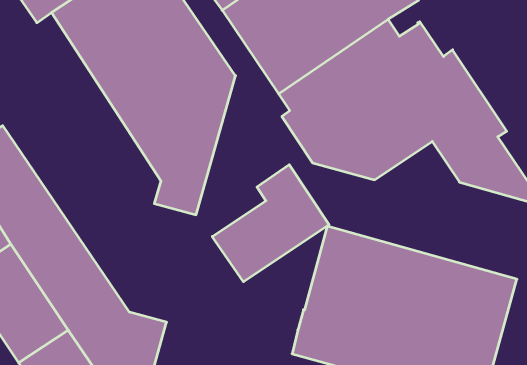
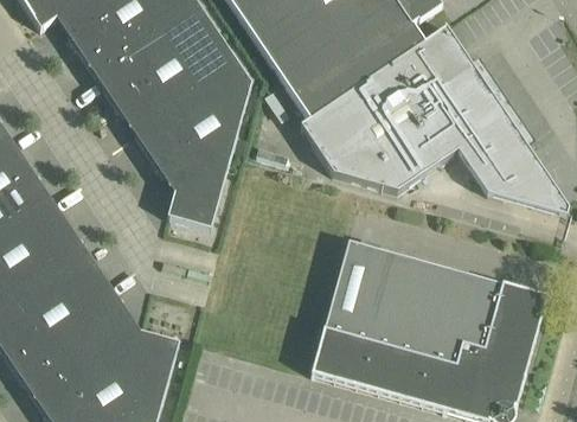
building: [212,165,329,282] -> none

